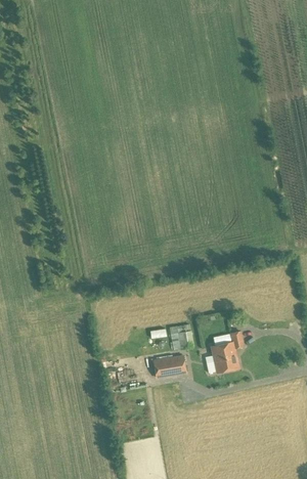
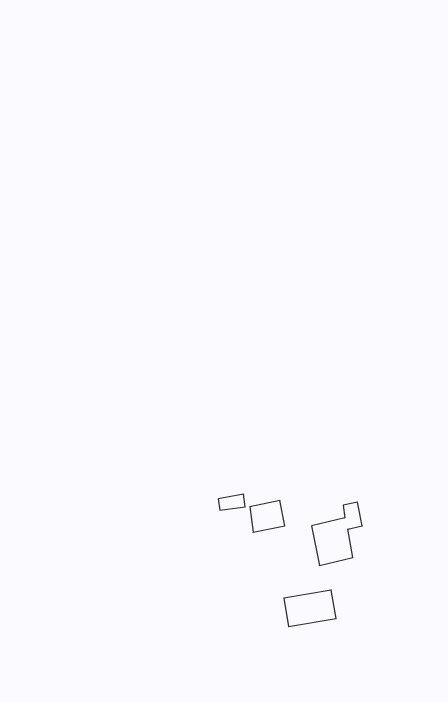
building: [152,354,186,378] -> [284,590,336,627]

